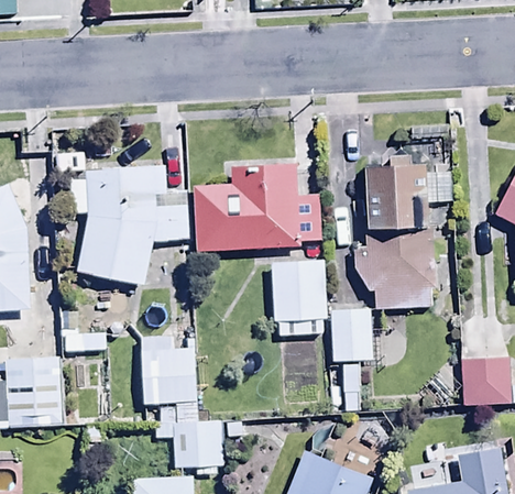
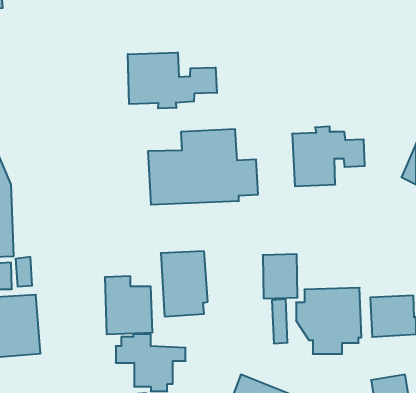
building: none -> [128,52,217,108]
building: [72,165,193,285] -> none
building: [355,229,434,308] -> [296,288,361,354]
building: [272,259,328,337] -> [161,251,208,316]

